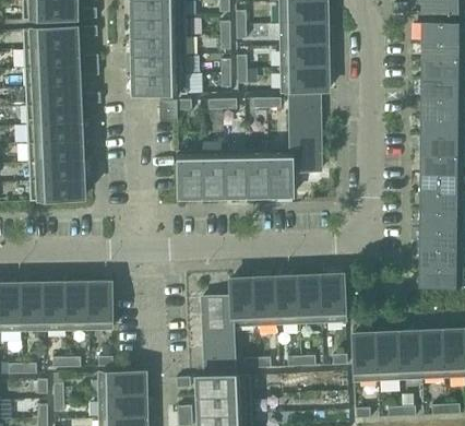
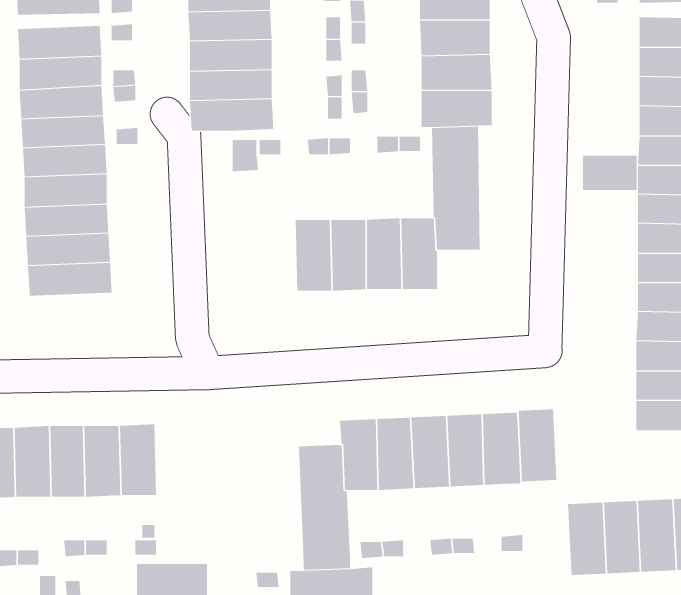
building: none -> [583,155,637,191]
building: [178,151,202,198] -> none
building: [353,333,378,380] -> [518,409,557,482]

